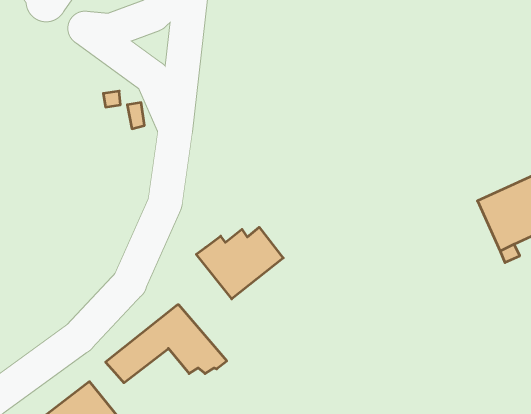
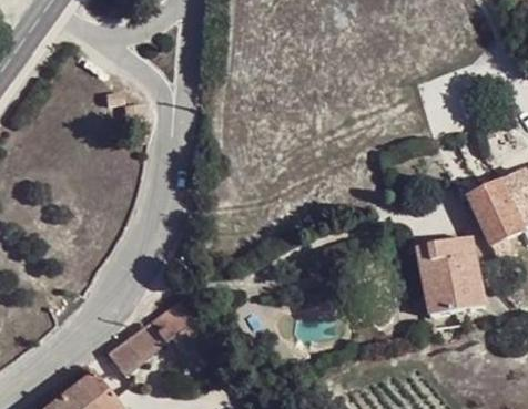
building: [196,227,283,299] -> none
building: none -> [416,238,484,315]

